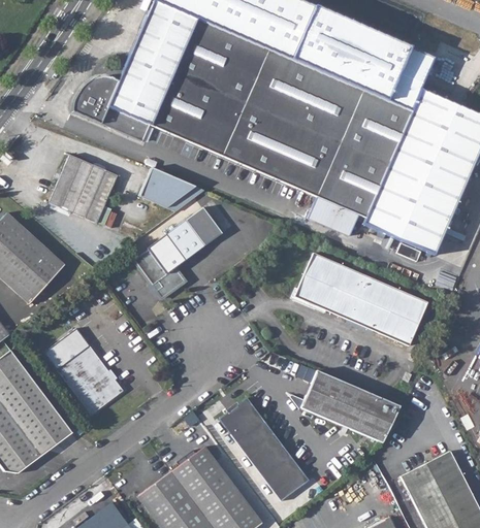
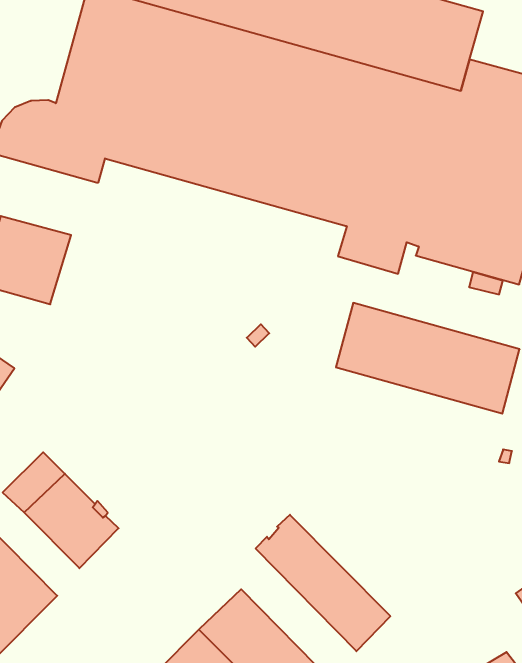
building: [140,167,204,210] -> none
building: [134,206,223,297] -> none
building: [301,370,401,442] -> none

